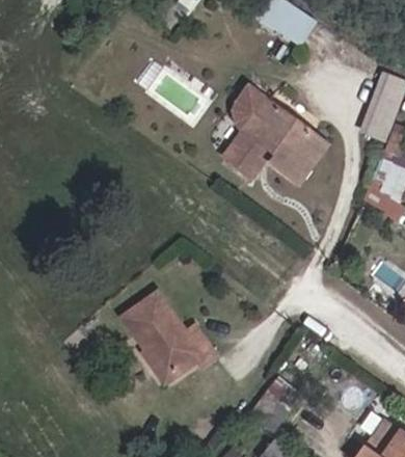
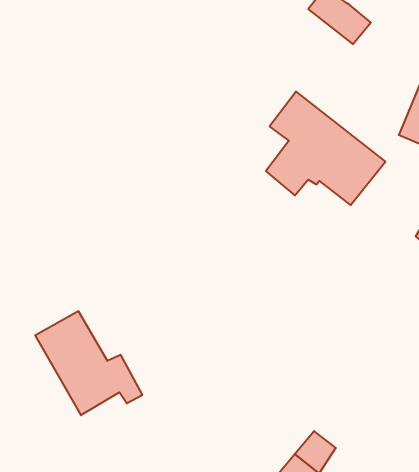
building: [119,290,212,379] -> [35,311,142,415]

